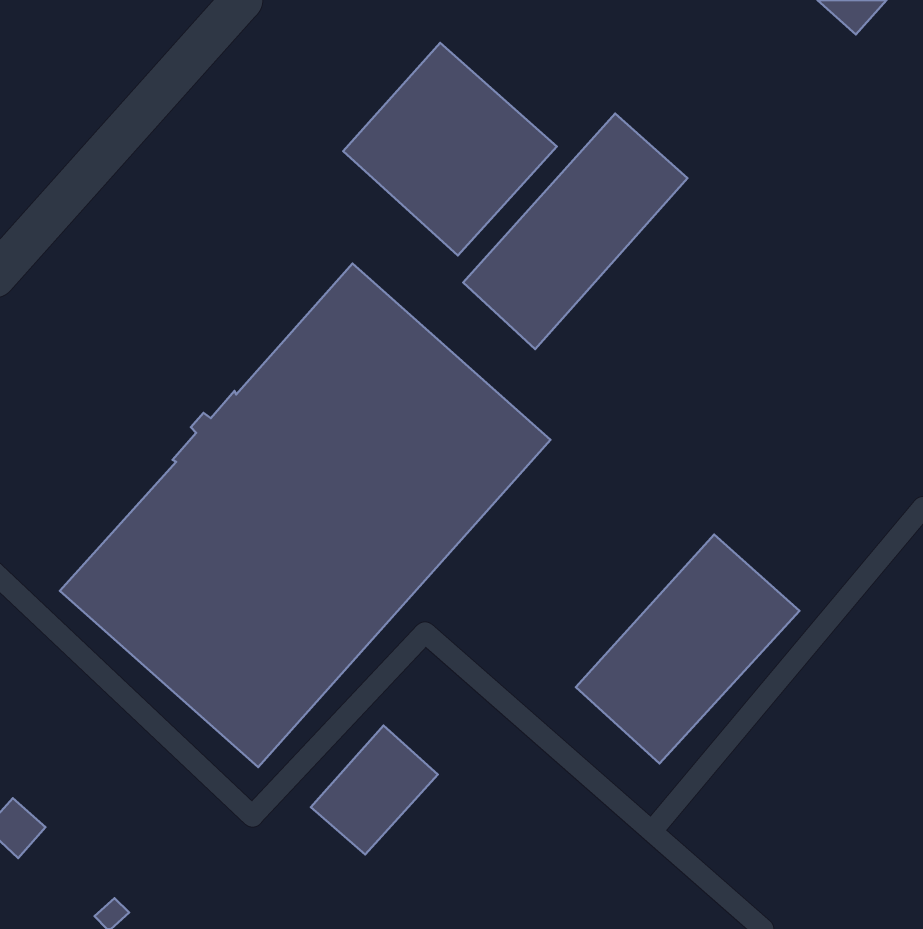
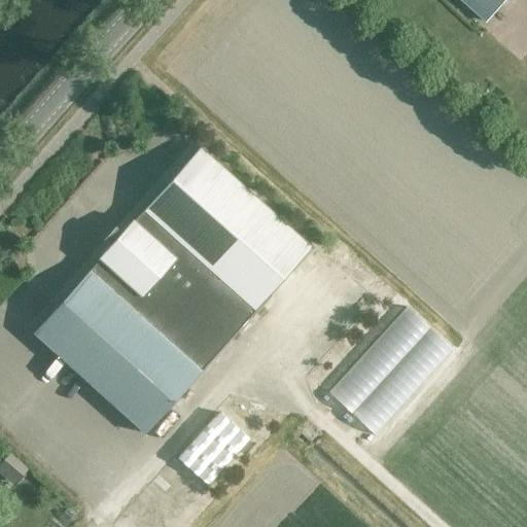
building: [343,43,557,256] -> none
building: [463,114,688,349] -> none

